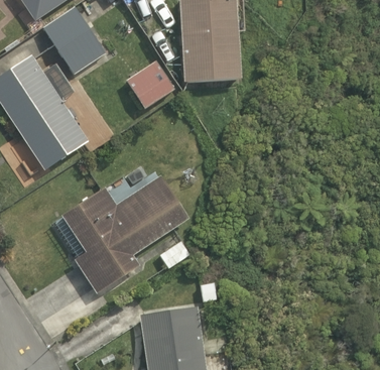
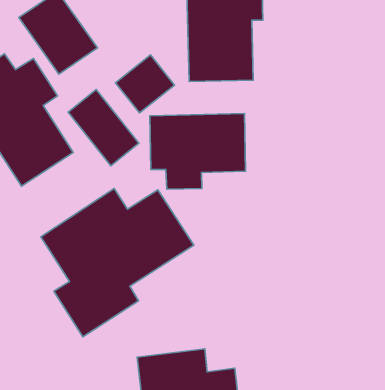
building: none -> [68,89,139,166]
building: none -> [150,114,246,189]

